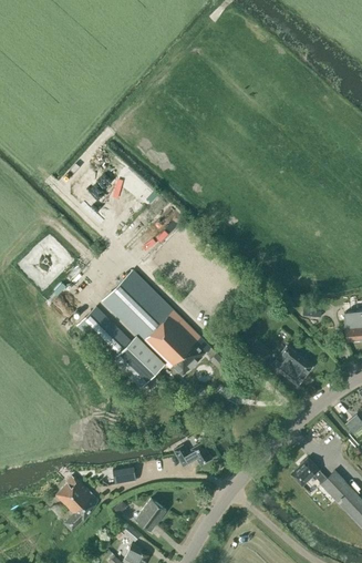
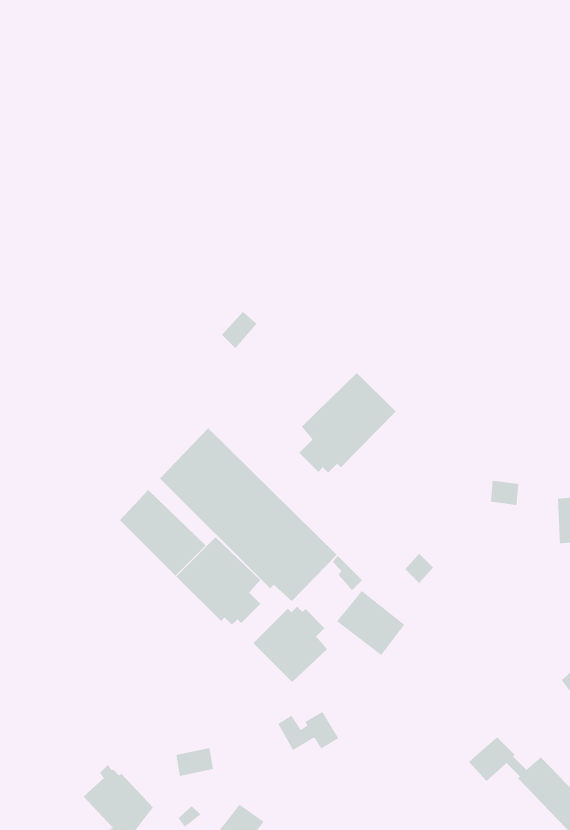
building: none -> [298,372,397,474]
building: [270,345,312,385] -> [336,590,405,656]
building: none -> [252,606,328,683]

